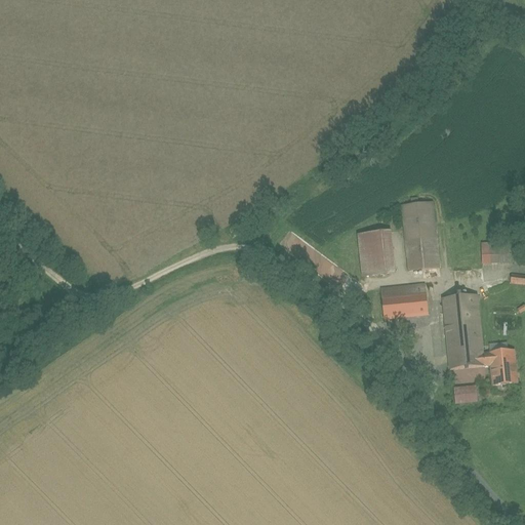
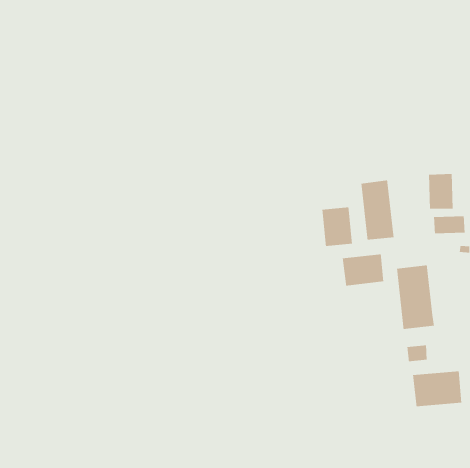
building: none -> [428,173,453,210]
building: [489,348,517,383] -> none
building: none -> [412,370,462,407]

